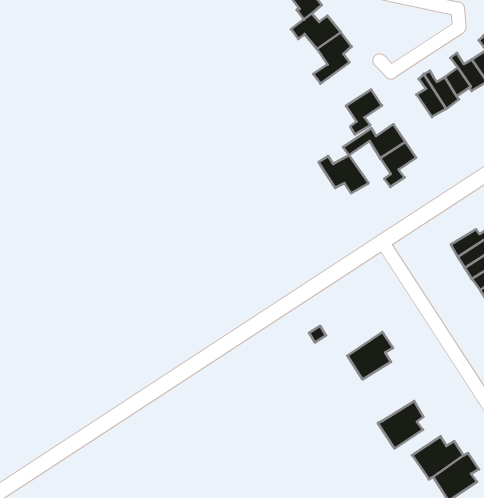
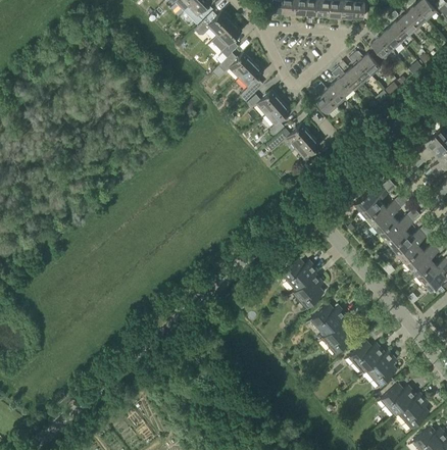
building: none -> [247,89,282,114]
building: [319,155,368,193] -> none
building: none -> [281,257,318,292]
building: none -> [310,303,347,335]

